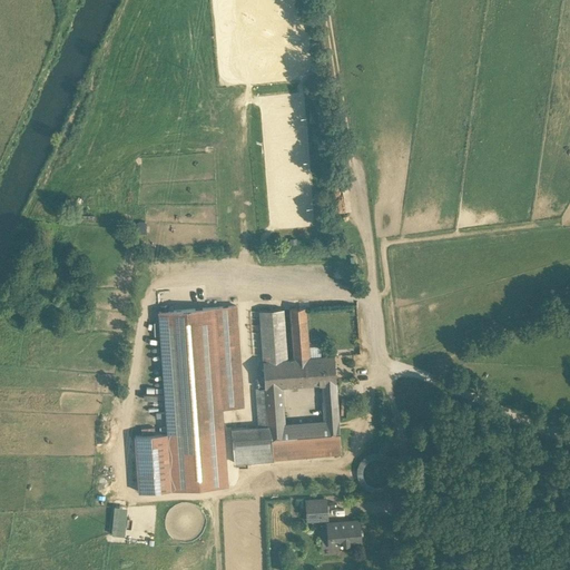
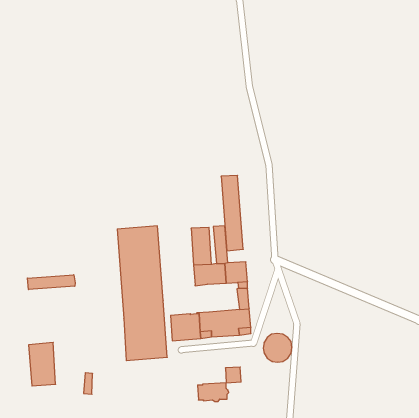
building: [214,307,244,410] -> [221,175,243,251]
building: none -> [27,275,75,290]
building: [256,387,284,429] -> none
building: [135,434,171,493] -> [29,342,56,386]
building: [321,522,363,548] -> [198,383,229,402]

